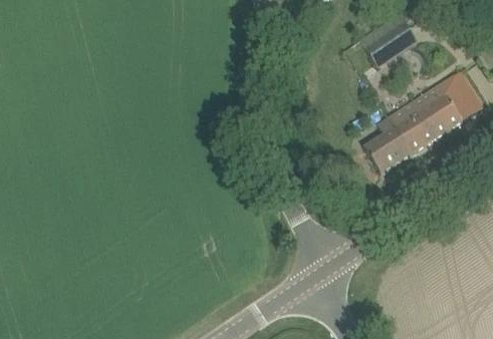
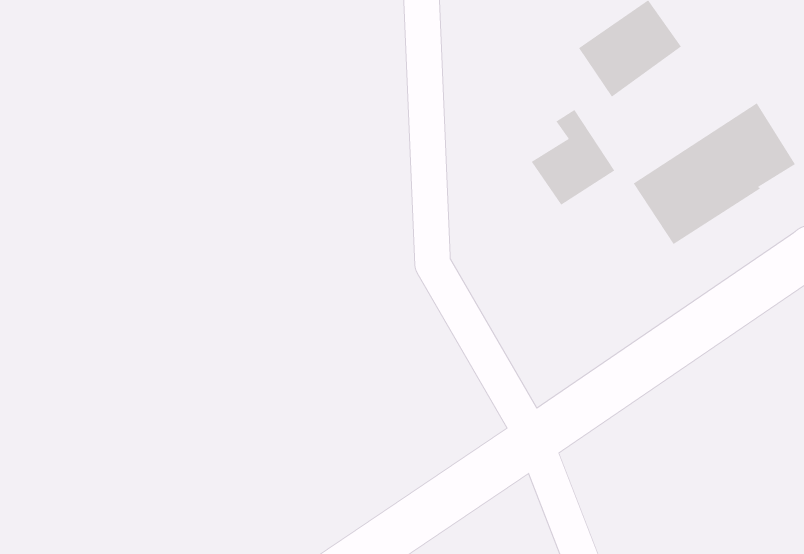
building: [364,117,413,173] -> [531,109,615,206]

